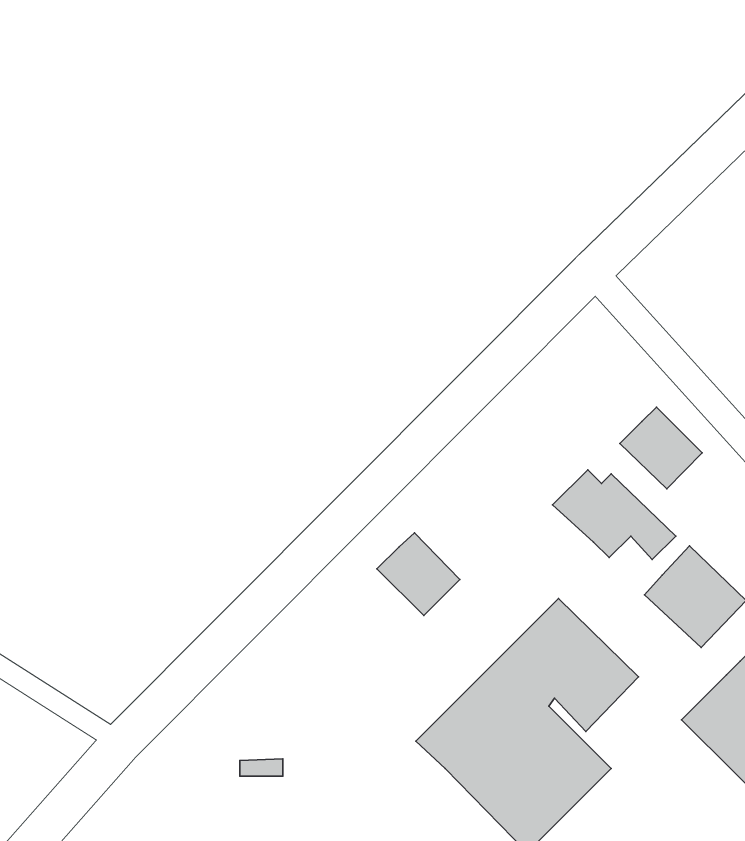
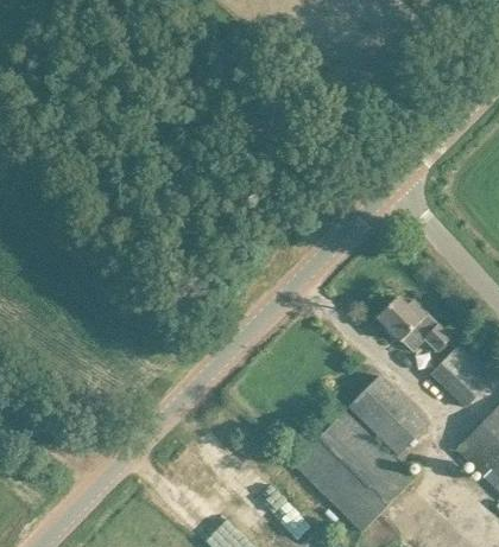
building: [620,407,702,489] -> none
building: [377,533,460,615] -> none

